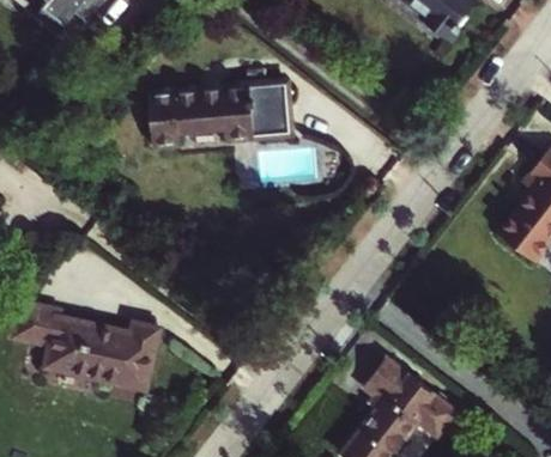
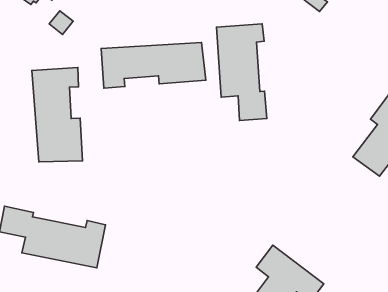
building: none -> [216,24,267,120]
building: none -> [32,68,83,162]

